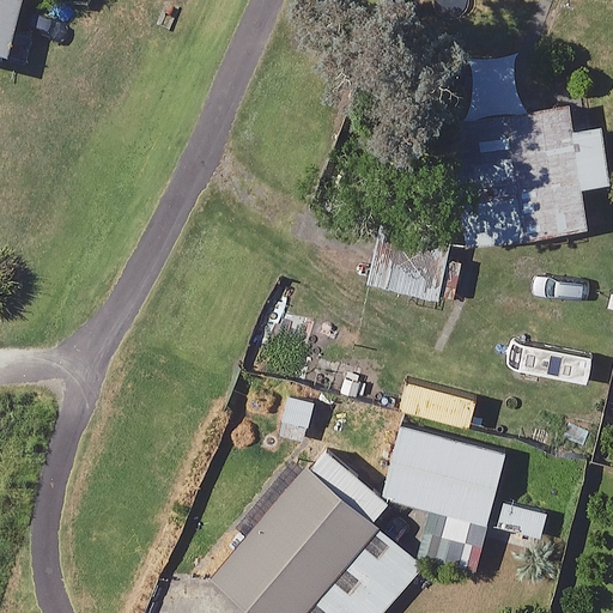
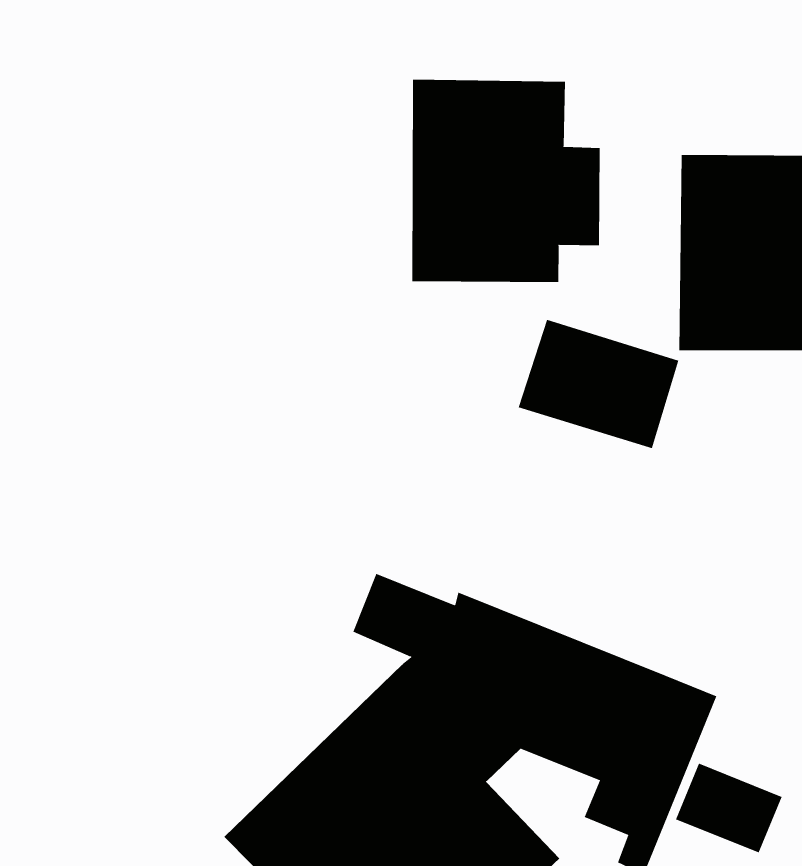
building: none -> [412,79,600,283]

